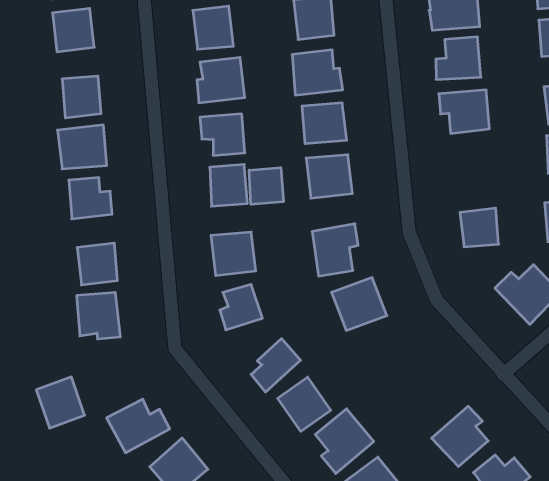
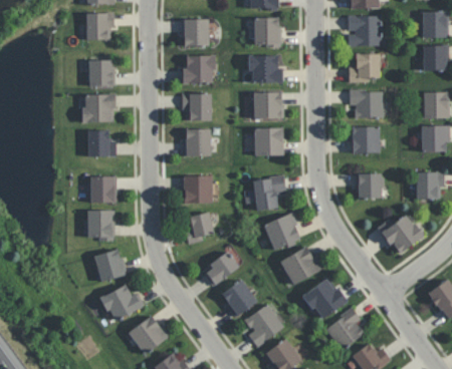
building: none -> [352,126,379,152]
building: [249,168,283,204] -> none
building: none -> [279,245,320,285]
building: none -> [302,278,348,320]
building: [36,377,85,428] -> [93,248,126,282]

